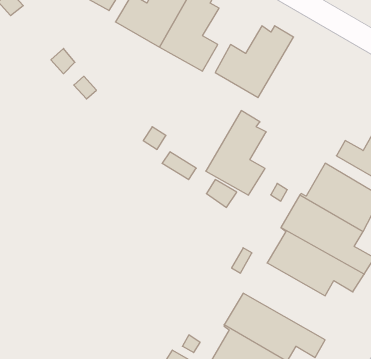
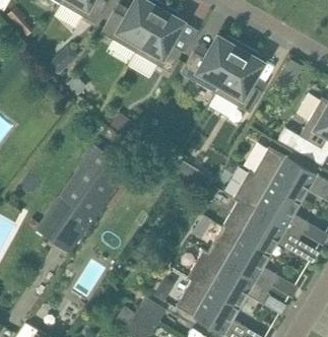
building: [206,111,266,195] -> [215,45,264,113]
building: none -> [40,148,132,254]
building: none -> [203,226,277,288]

